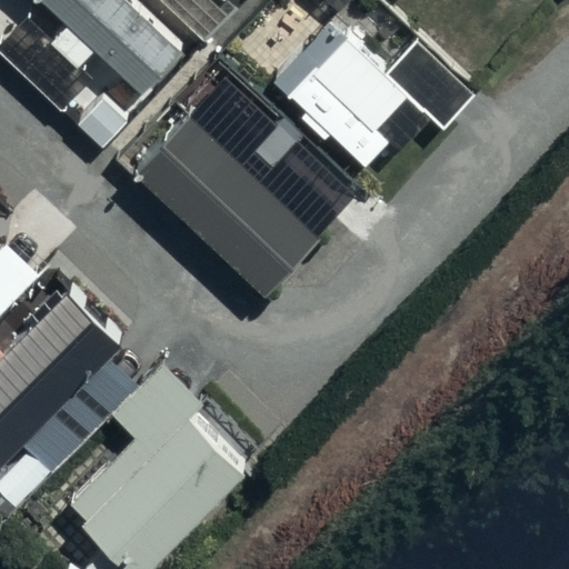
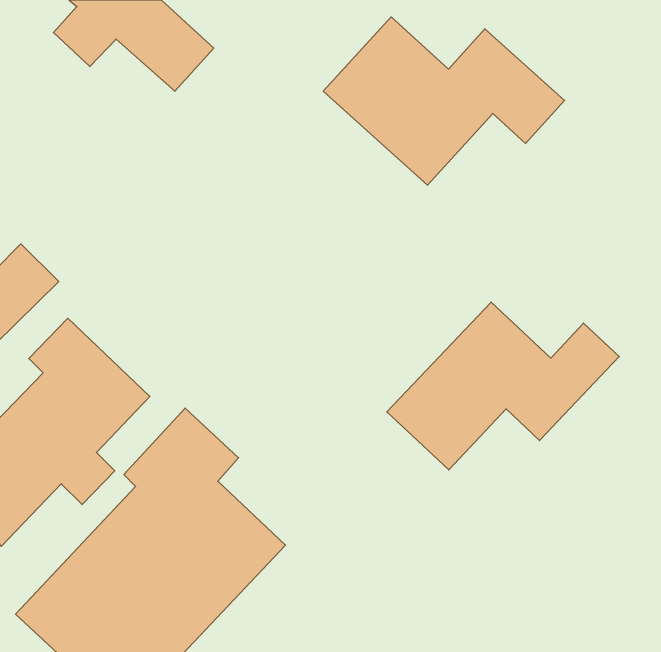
building: [129,76,330,307] -> none
building: none -> [387,302,619,470]

